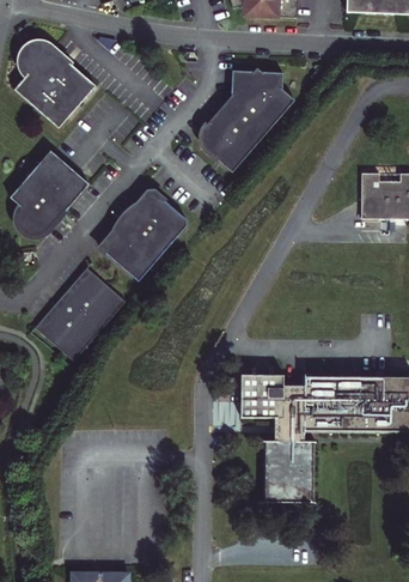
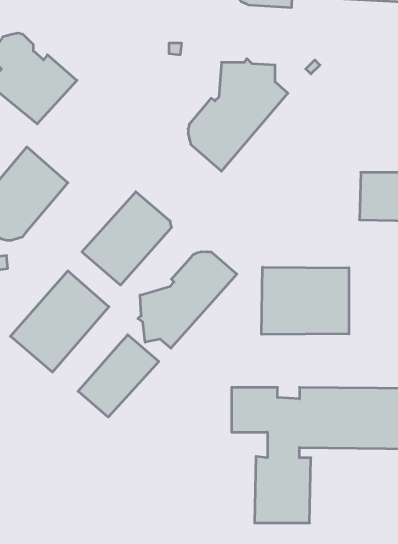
building: none -> [138,252,237,348]
building: none -> [262,267,349,334]
building: none -> [78,335,159,417]

